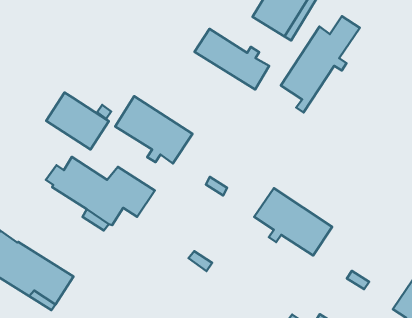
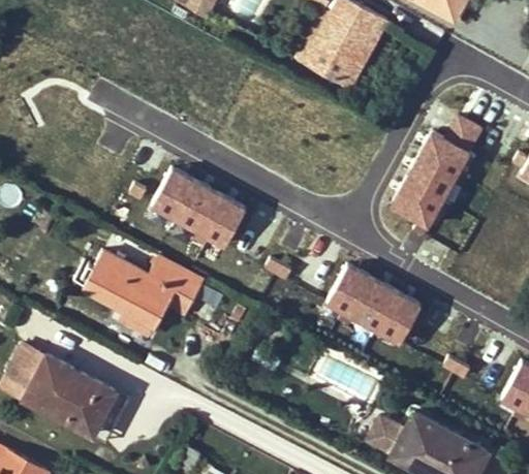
building: [281,16,360,113] -> [392,118,480,236]
building: [194,29,269,89] -> none
building: [46,93,109,150] -> none

